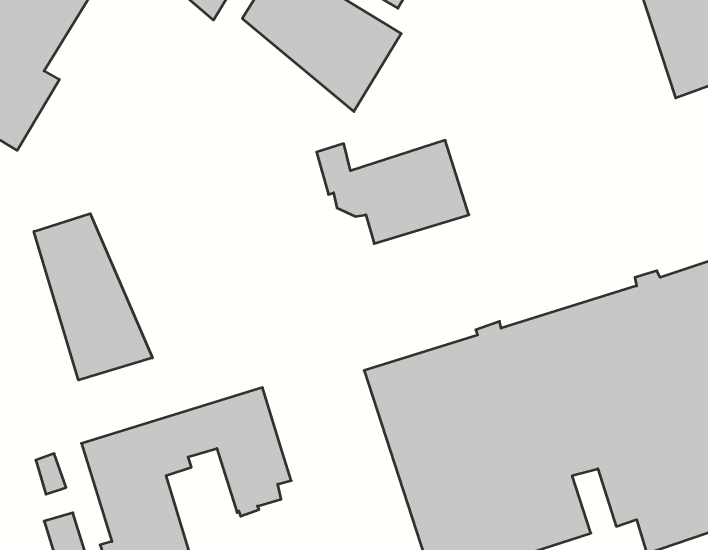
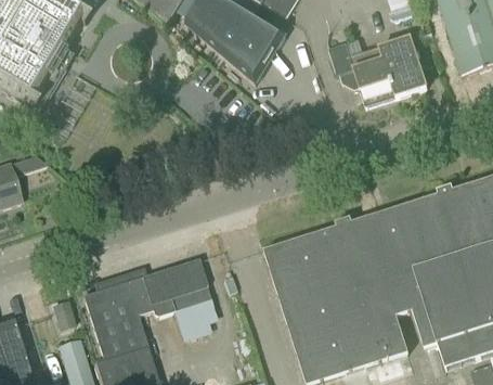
building: [317,140,469,244] -> [328,37,426,103]
building: [34,214,152,380] -> none

